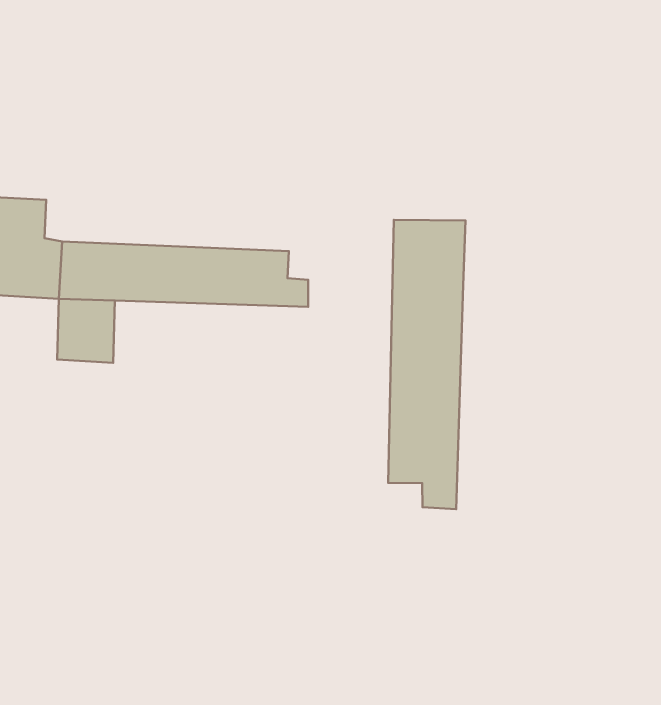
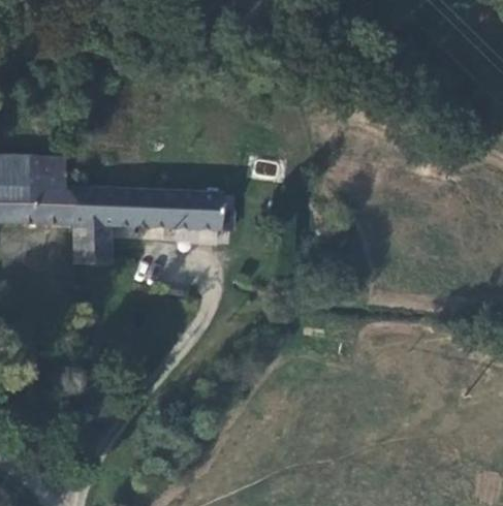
building: [388,220,466,509] -> none

